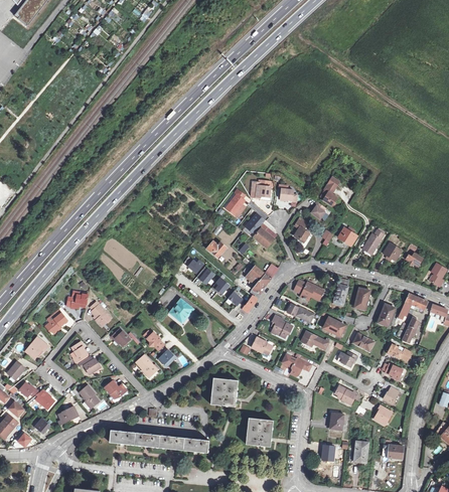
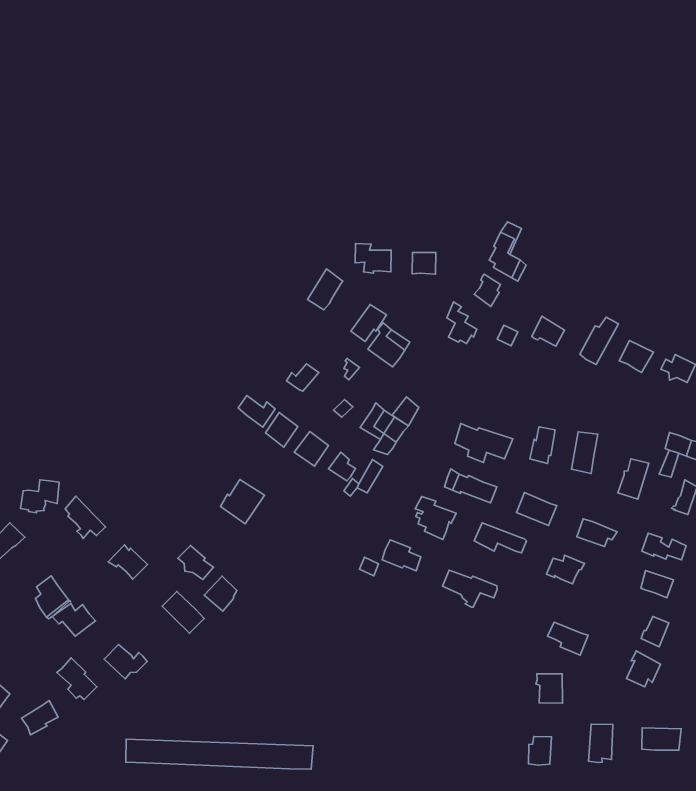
building: [210,377,239,406] -> none
building: [246,418,273,447] -> none

